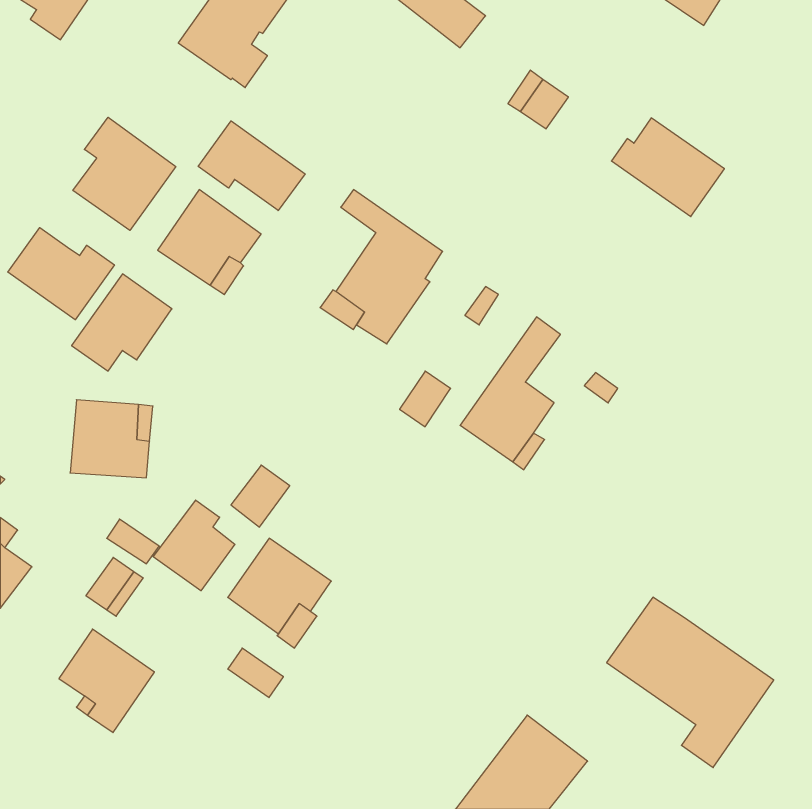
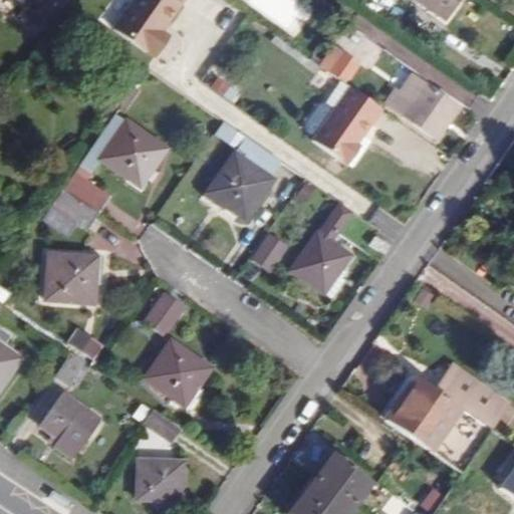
building: [73,117,176,230] -> none
building: [198,121,305,211] -> none
building: none -> [313,86,381,164]
building: [8,228,114,320] -> none
building: [153,500,235,591] -> none
building: none -> [433,362,508,429]
building: none -> [137,459,184,500]

